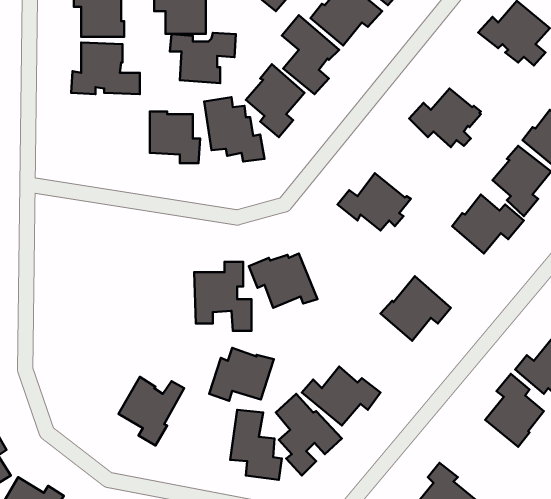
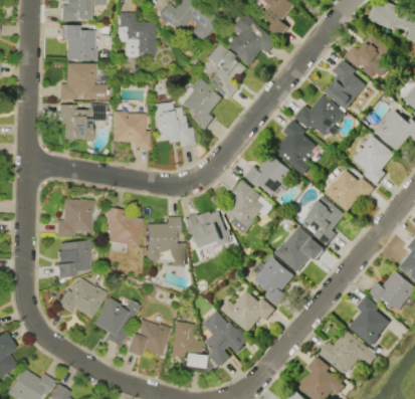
building: [170,33,236,83] -> [59,105,106,140]
building: none -> [328,60,367,110]
building: none -> [275,121,318,176]
building: none -> [225,181,274,234]
building: none -> [305,195,347,245]
building: none -> [56,200,93,236]
building: none -> [106,208,142,253]
building: none -> [56,239,91,277]
building: none -> [256,256,296,307]
building: [209,348,274,401] -> [126,320,171,357]
building: none -> [57,277,107,318]
building: none -> [321,331,379,373]

